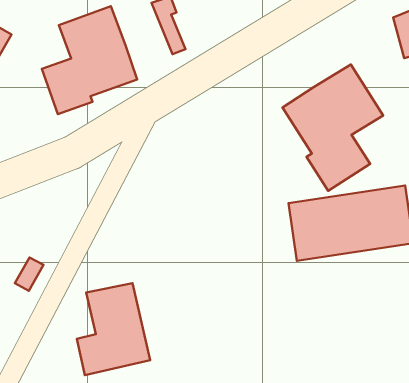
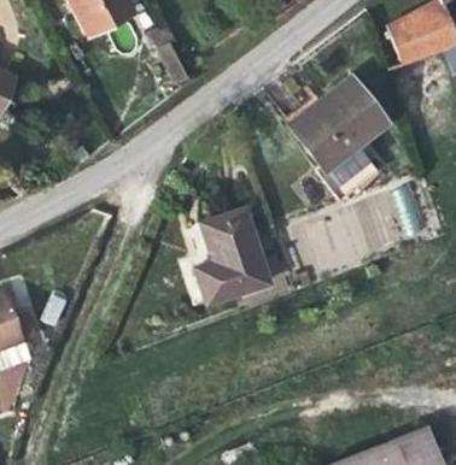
building: [42,6,137,114] -> none
building: [77,283,150,375] -> [195,208,269,302]

